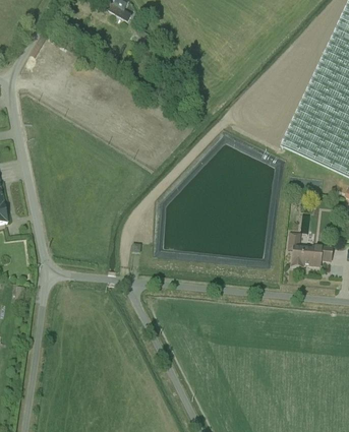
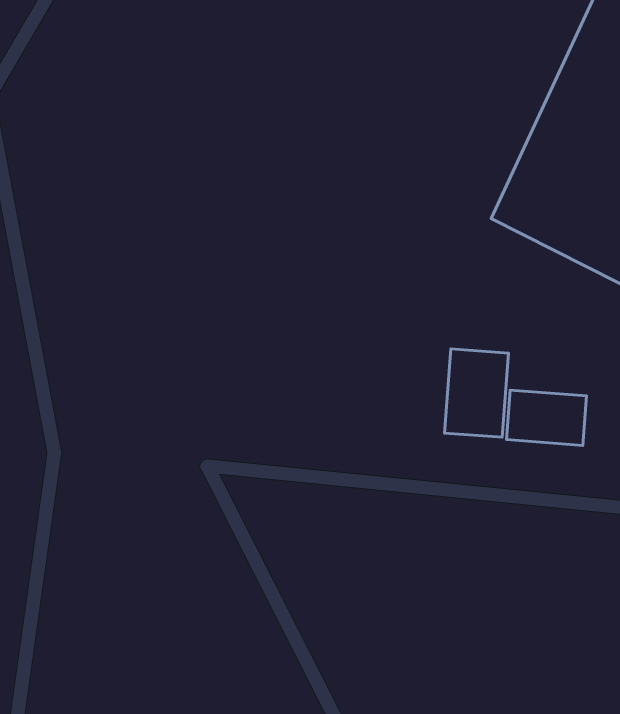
building: none -> [445,349,509,437]

